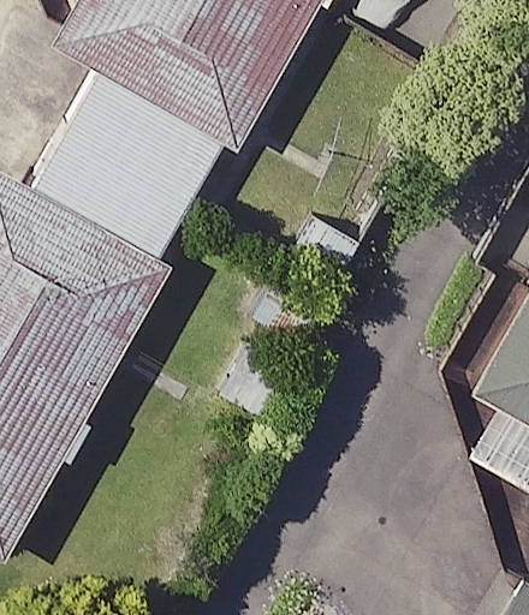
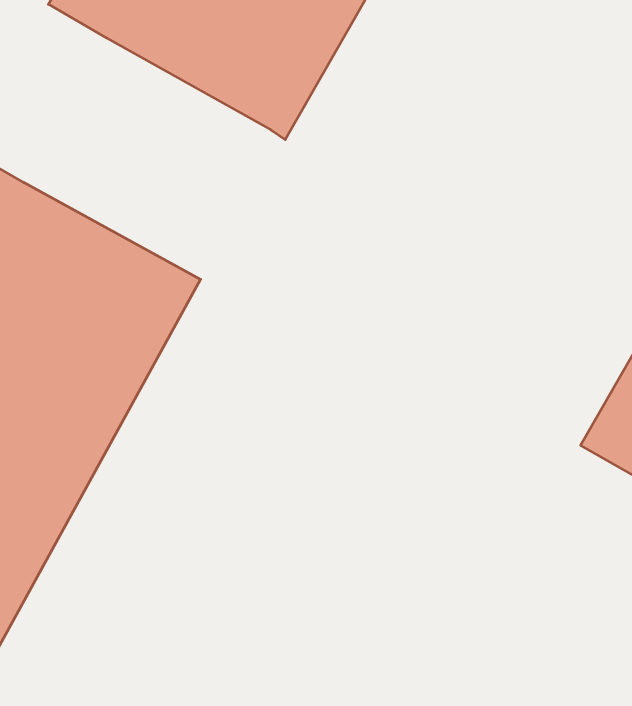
building: [29,74,222,261] -> none

